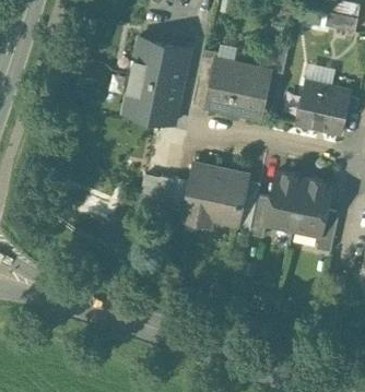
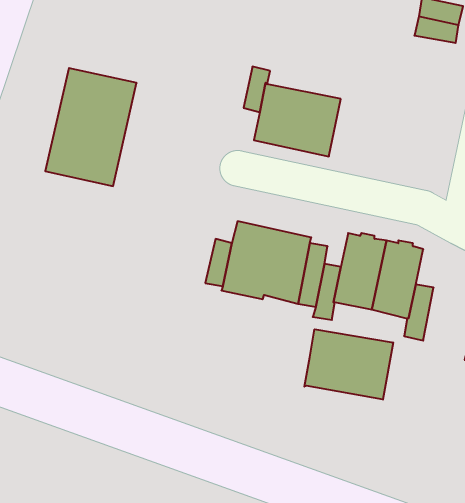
building: [123,35,191,122] -> [45,68,137,186]
building: [295,82,351,135] -> none
building: none -> [304,329,393,400]

